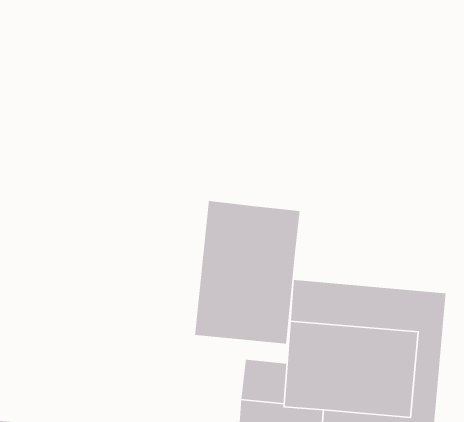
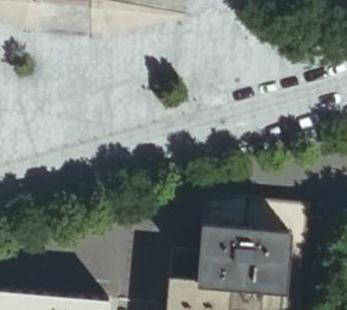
building: [194,200,300,345] -> none

